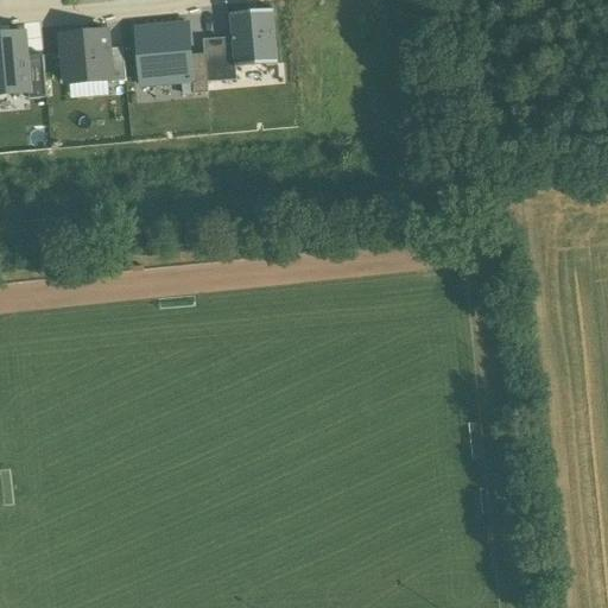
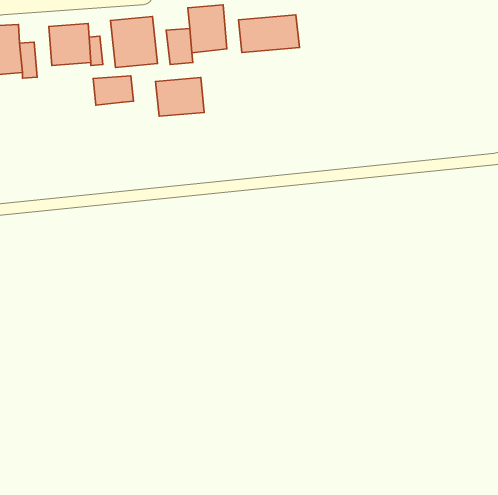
building: none -> [238,15,299,52]
building: none -> [93,76,133,105]
building: none -> [156,77,204,116]

